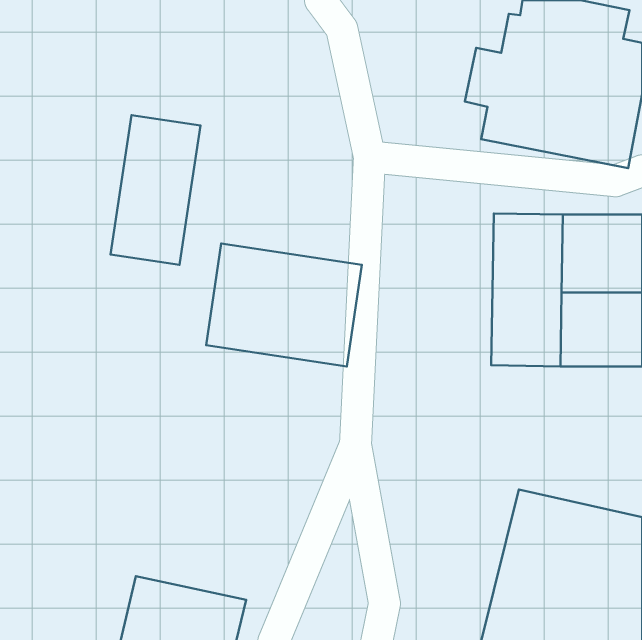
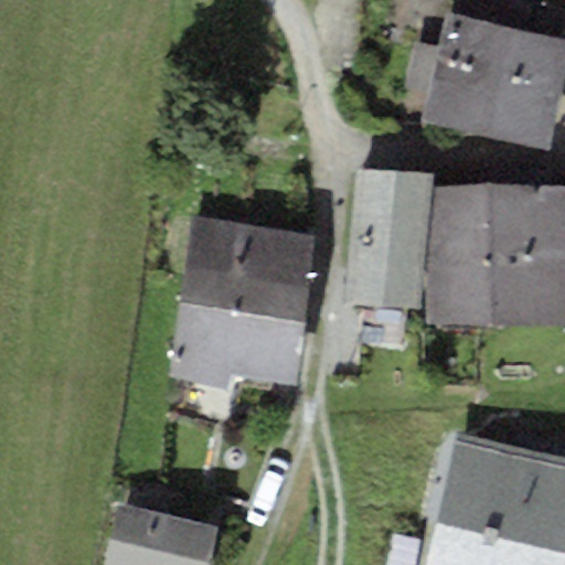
building: [110,115,201,265] -> none
building: none -> [352,170,434,310]
building: none -> [169,305,305,390]

